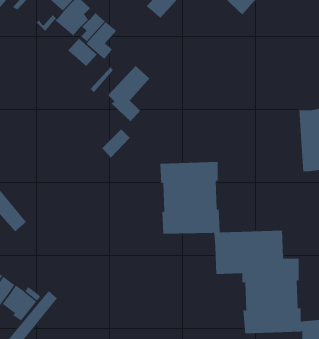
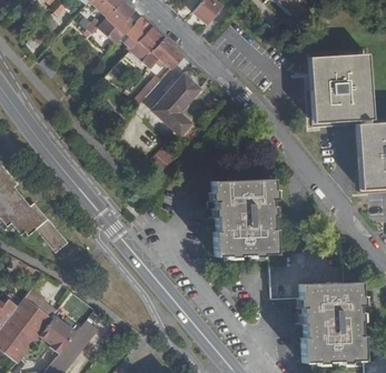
building: [67,38,97,67] -> [151,38,184,69]
building: none -> [311,54,366,122]

